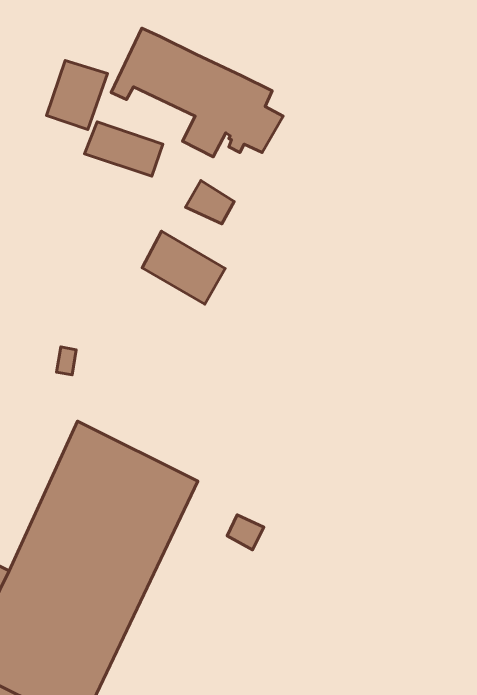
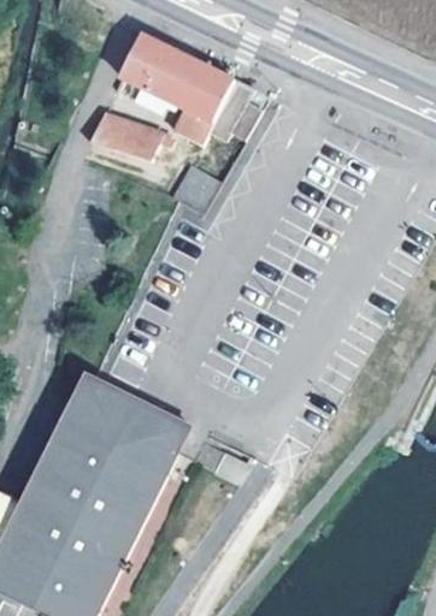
building: [47,61,107,129] -> none
building: [142,231,225,304] -> none

